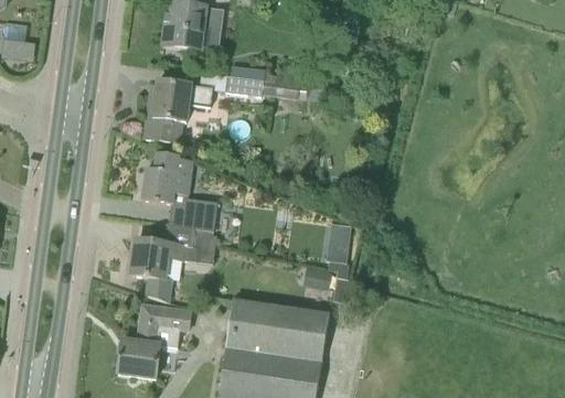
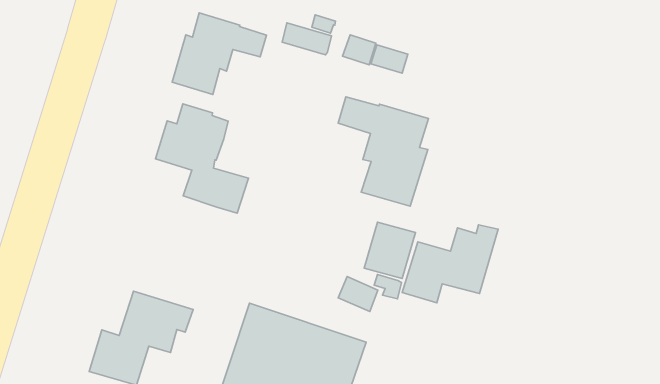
building: none -> [338,97,428,206]
building: none -> [402,225,498,303]
building: [130,224,216,298] -> none

